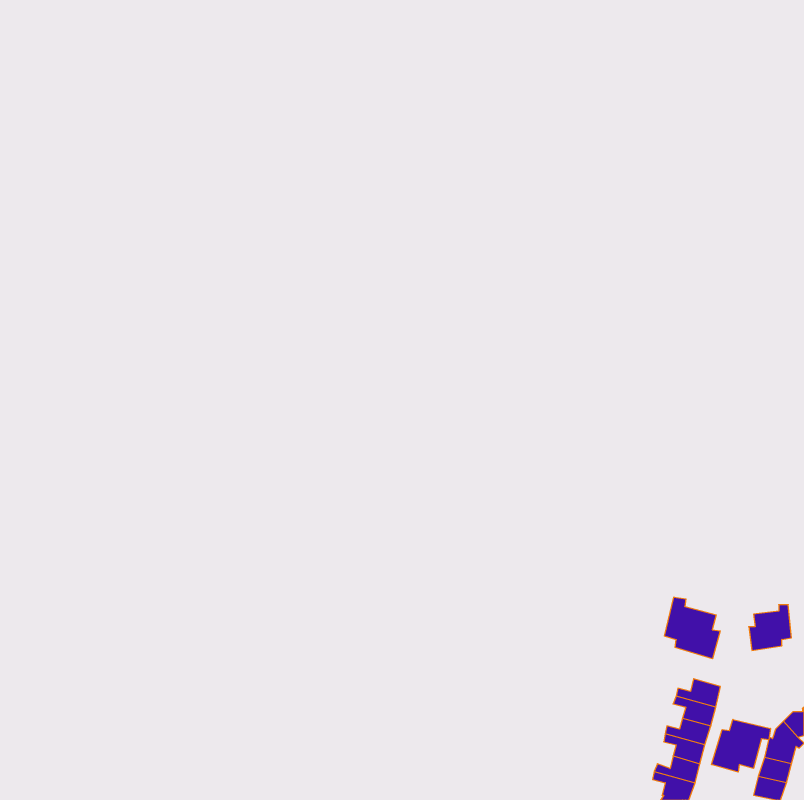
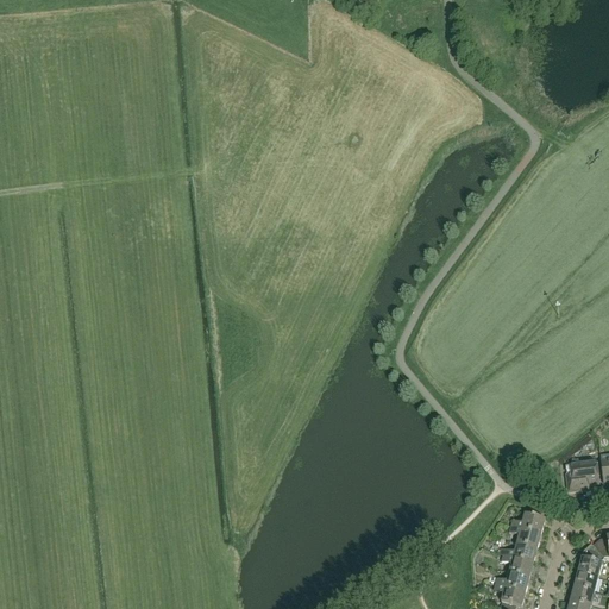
building: [665,597,720,659] -> none
building: [712,719,770,772] -> none

